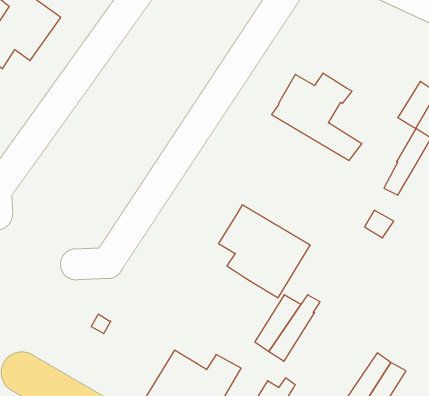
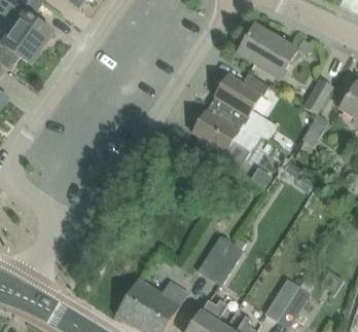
building: none -> [238,24,297,71]
building: [219,205,310,298] -> [192,103,260,172]

